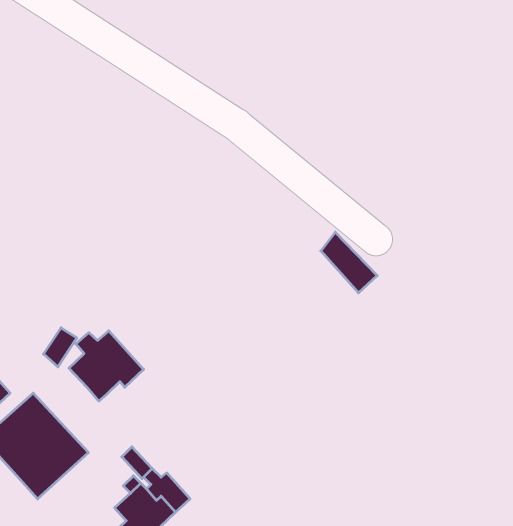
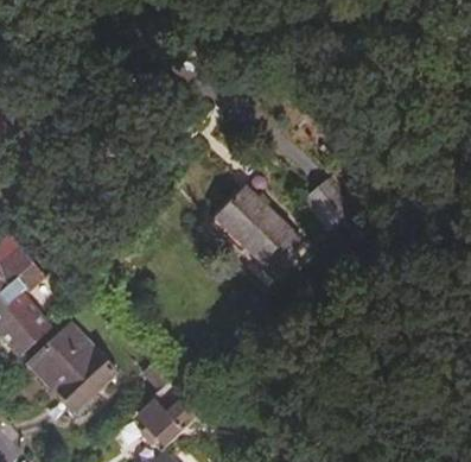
building: none -> [211,185,291,264]
building: [69,331,144,401] -> none

